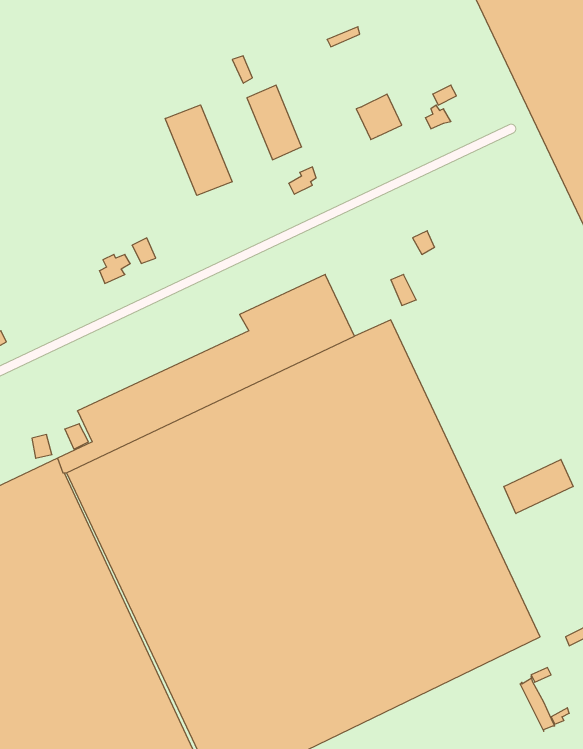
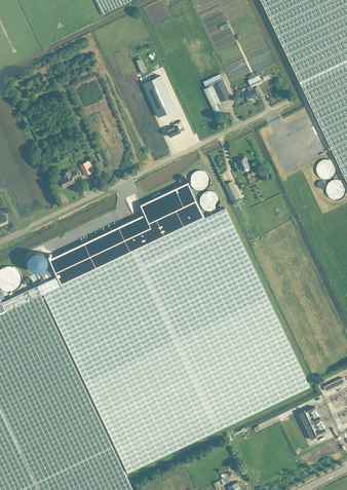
building: [165,105,232,195] -> none
building: [504,459,573,514] -> none

